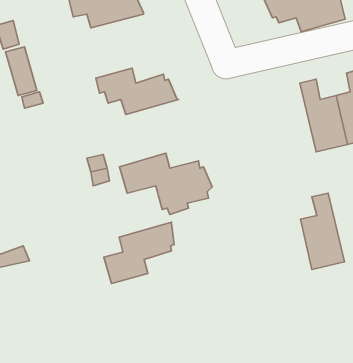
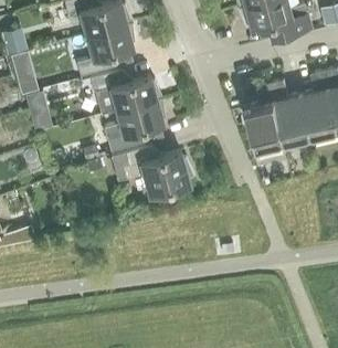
building: none -> [76,22,134,75]
building: [301,193,344,269] -> [245,83,284,150]
building: [104,222,174,283] -> [103,97,165,151]

